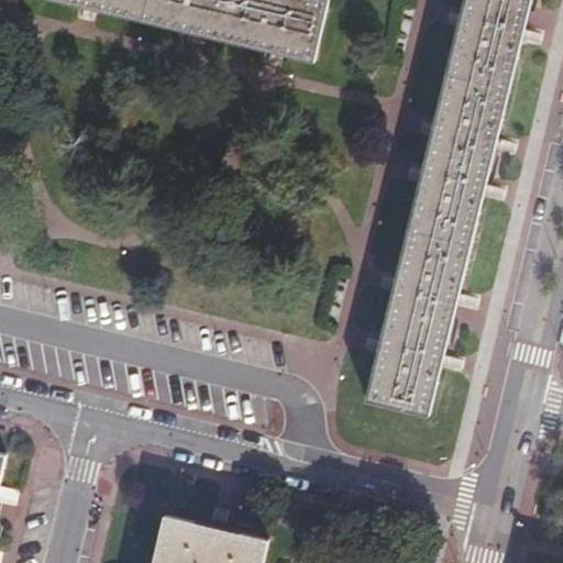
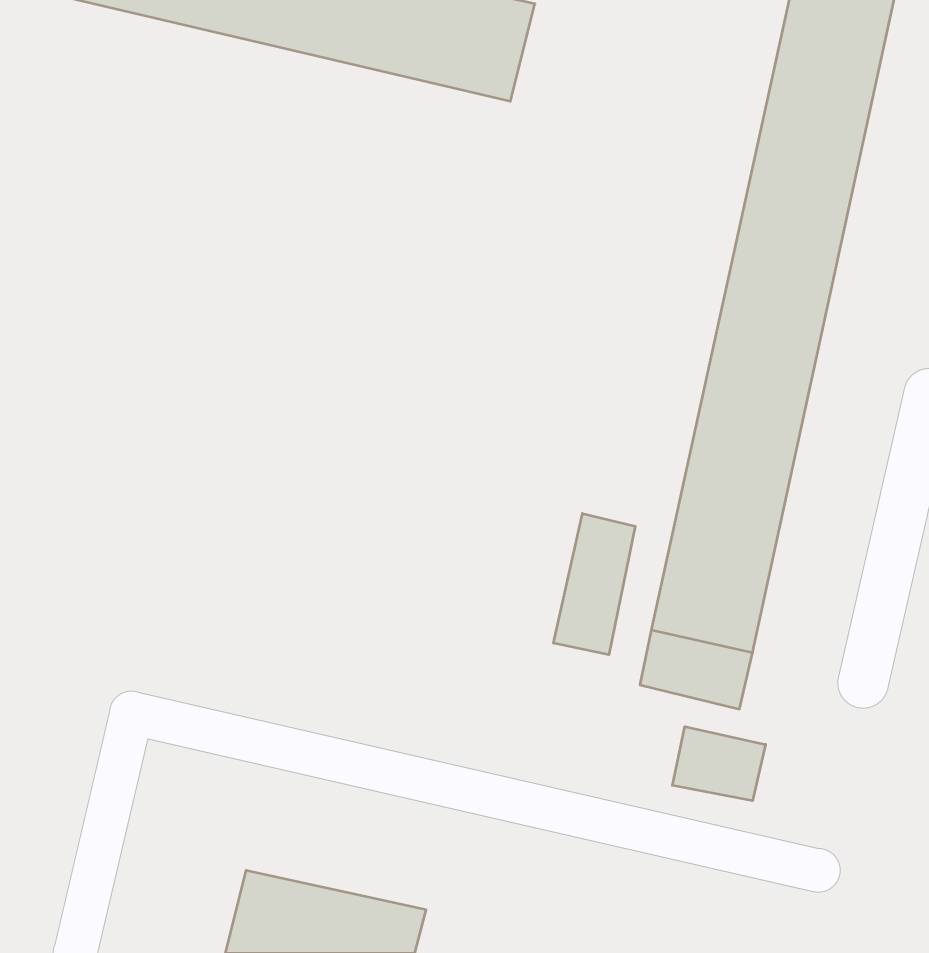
building: none -> [554,513,635,655]
building: none -> [672,727,766,801]

